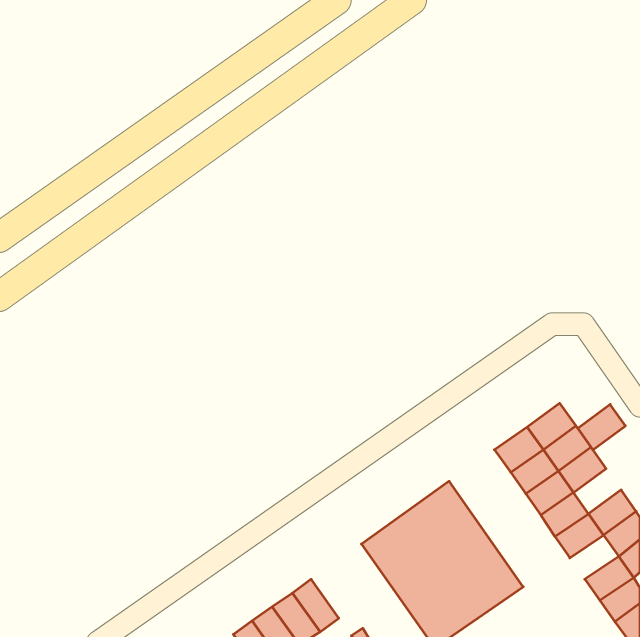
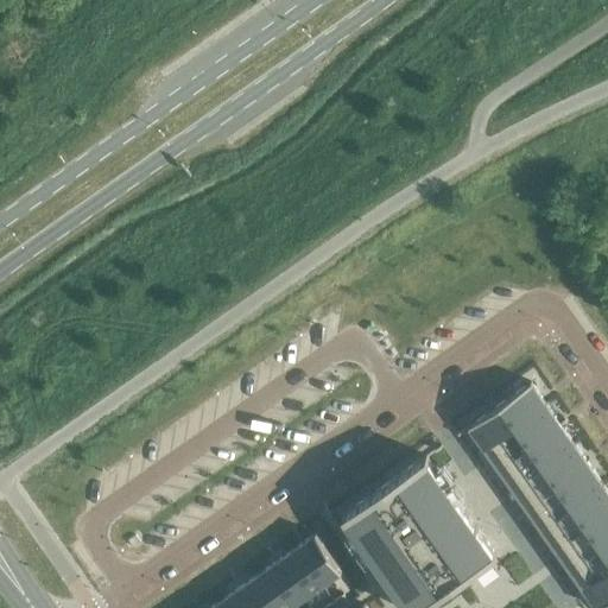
building: [578,404,625,450] -> [543,448,588,490]
building: none -> [539,511,585,552]
building: none -> [294,538,341,589]

